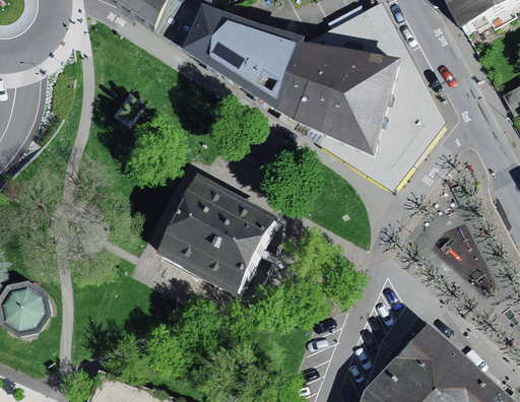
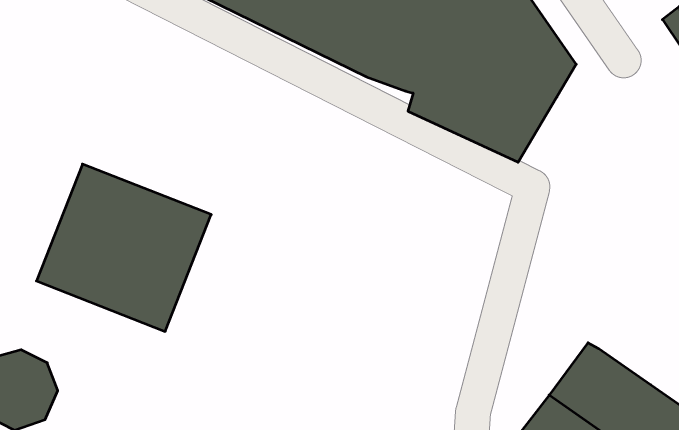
building: [155,177,283,300] -> [36,164,211,331]

